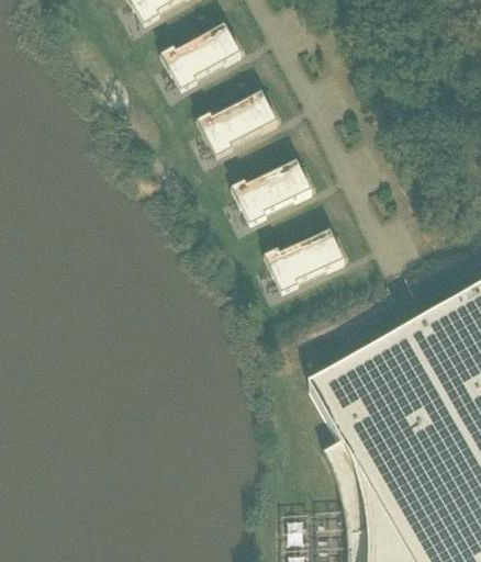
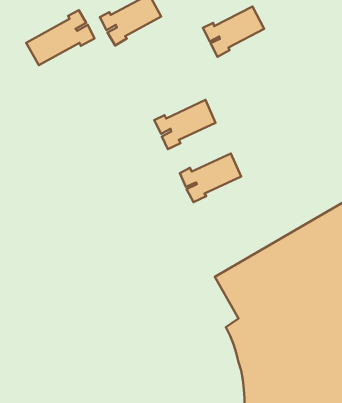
building: none -> [26,10,95,65]
building: [198,90,277,155] -> [203,7,264,57]

